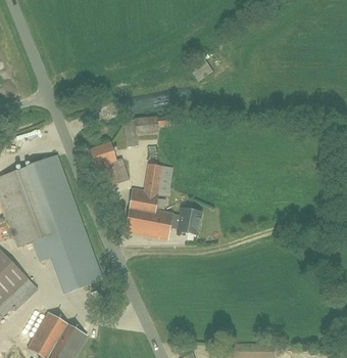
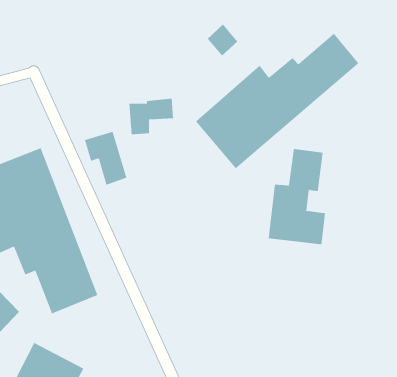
building: none -> [195,33,359,169]
building: [127,163,174,240] -> [268,149,326,245]
building: [178,208,204,237] -> none

